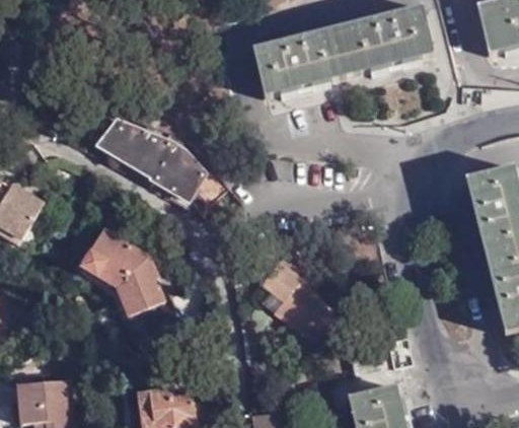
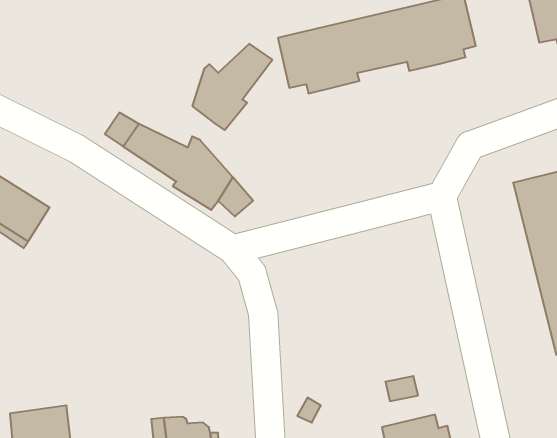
building: none -> [193,44,272,130]
building: [82,226,164,311] -> none
building: [257,253,333,343] -> none

